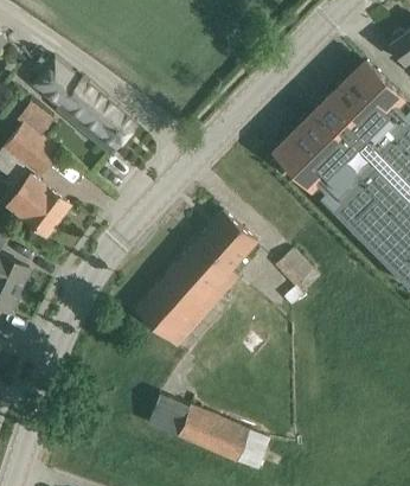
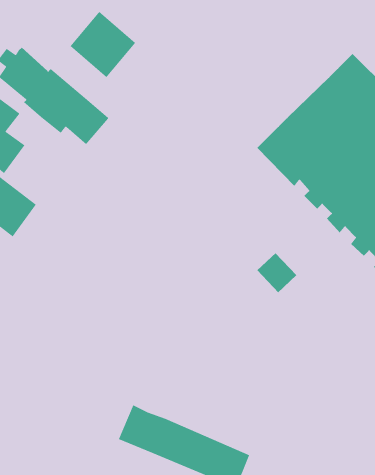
building: none -> [70,11,136,78]
building: [134,211,257,347] -> none

